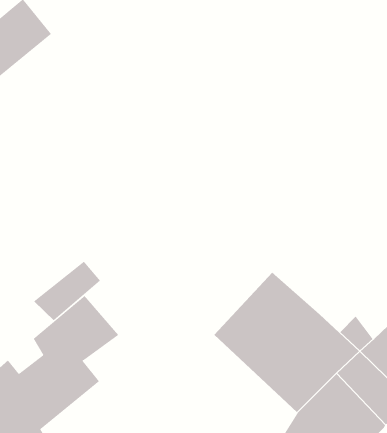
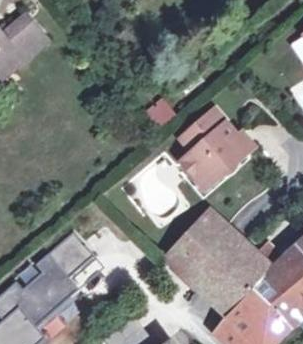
building: none -> [181,110,254,183]
building: [33,261,101,321] -> none

